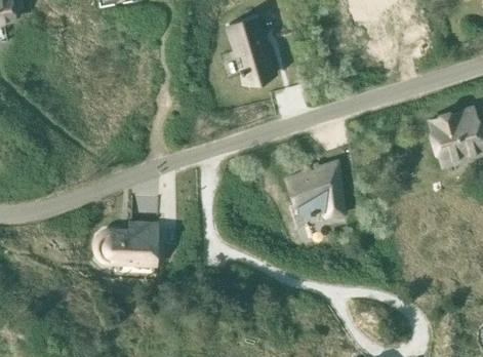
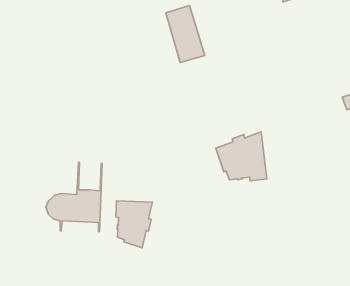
building: none -> [116,201,152,248]

